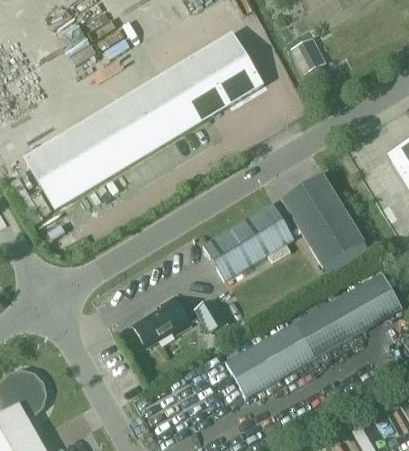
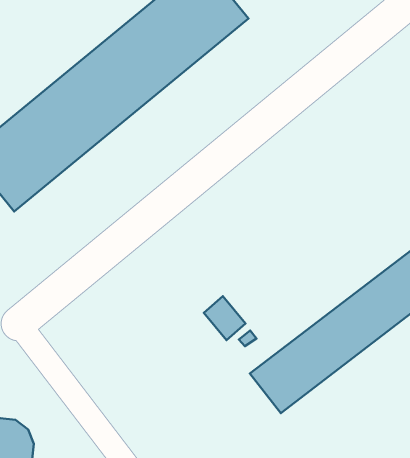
building: [282,172,364,265] -> none
building: [203,202,295,280] -> none
building: [133,295,191,347] -> none

